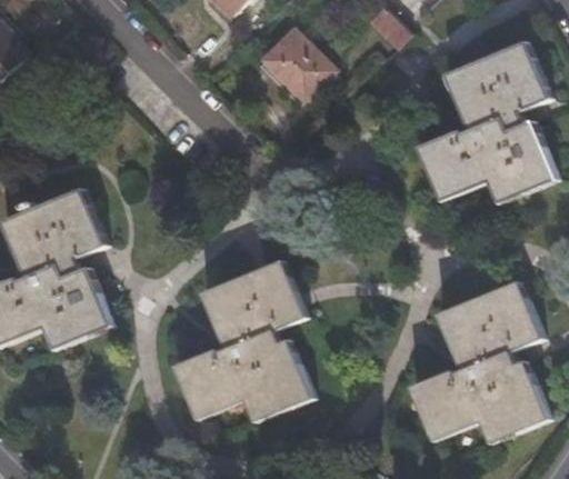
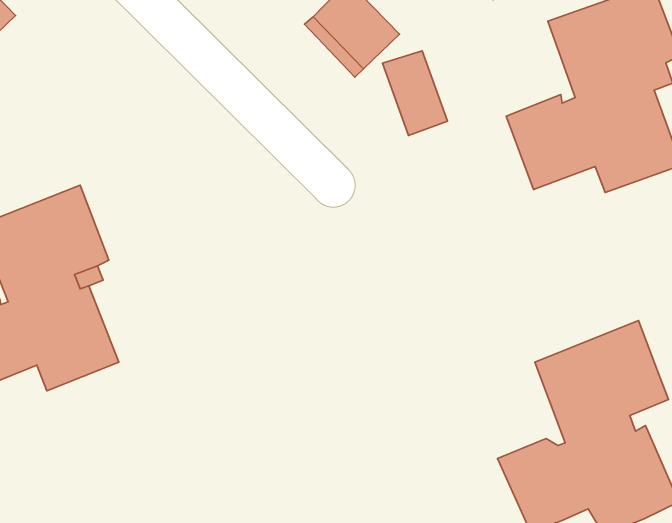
building: none -> [383,51,447,135]
building: [177,252,315,417] -> none

